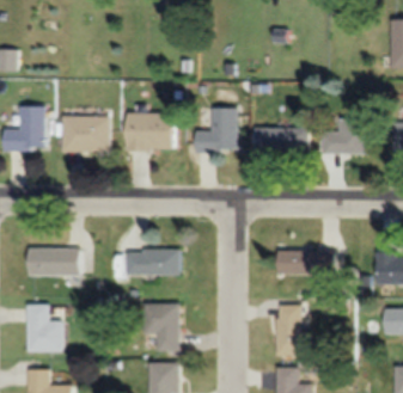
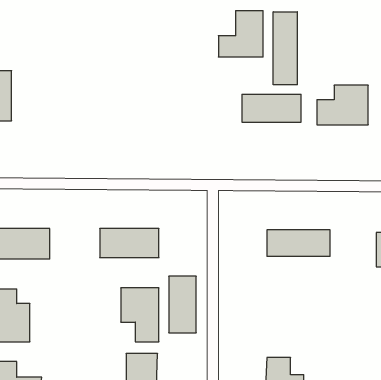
building: none -> [273,12,297,85]
building: [194,109,234,151] -> [218,11,263,57]
building: [126,112,172,151] -> none
building: [61,116,109,152] -> none
building: [276,305,301,356] -> [169,276,196,333]

